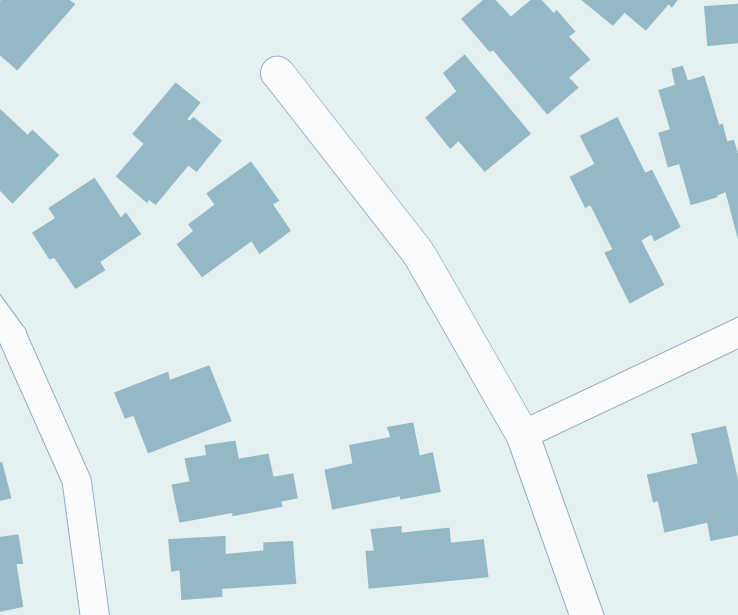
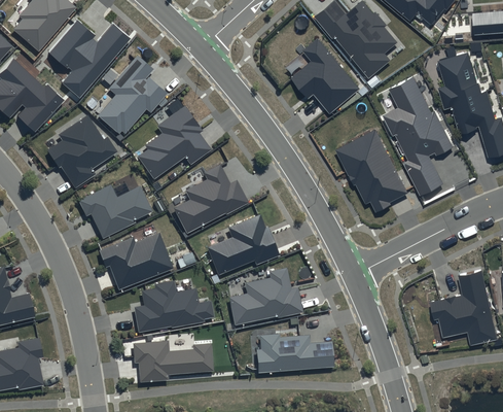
building: none -> [49,22,132,100]
building: none -> [336,130,407,212]
building: none -> [174,164,248,232]
building: none -> [77,184,152,239]
building: none -> [206,214,279,275]

